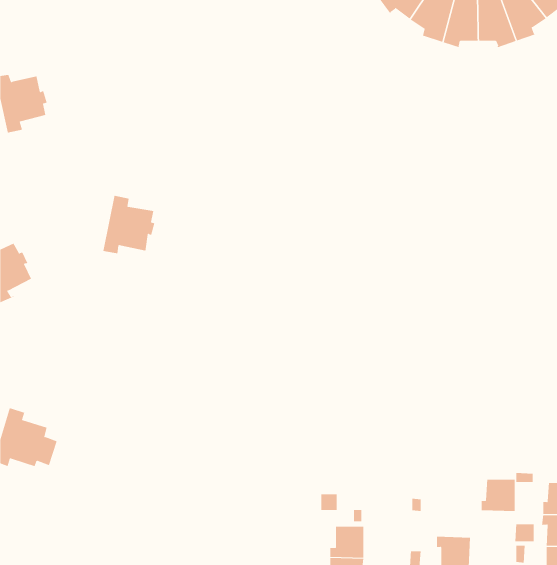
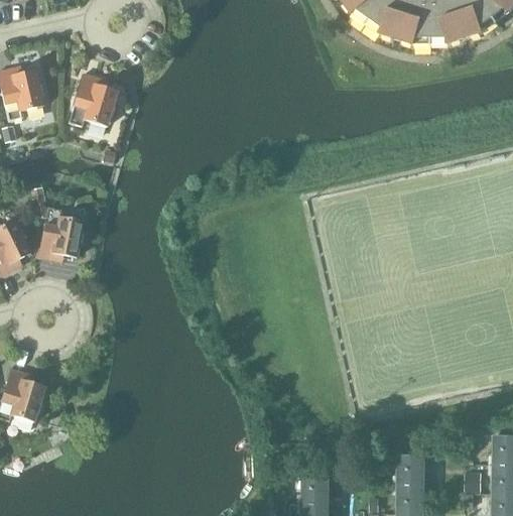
building: none -> [67,73,116,126]
building: [103,195,155,255] -> [36,207,84,260]
building: [481,479,516,512] -> [393,456,424,485]

